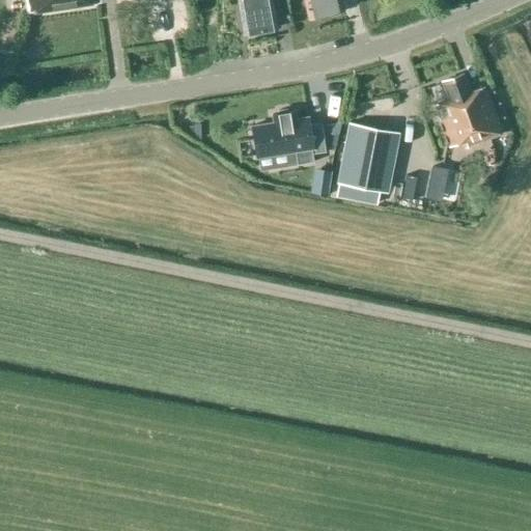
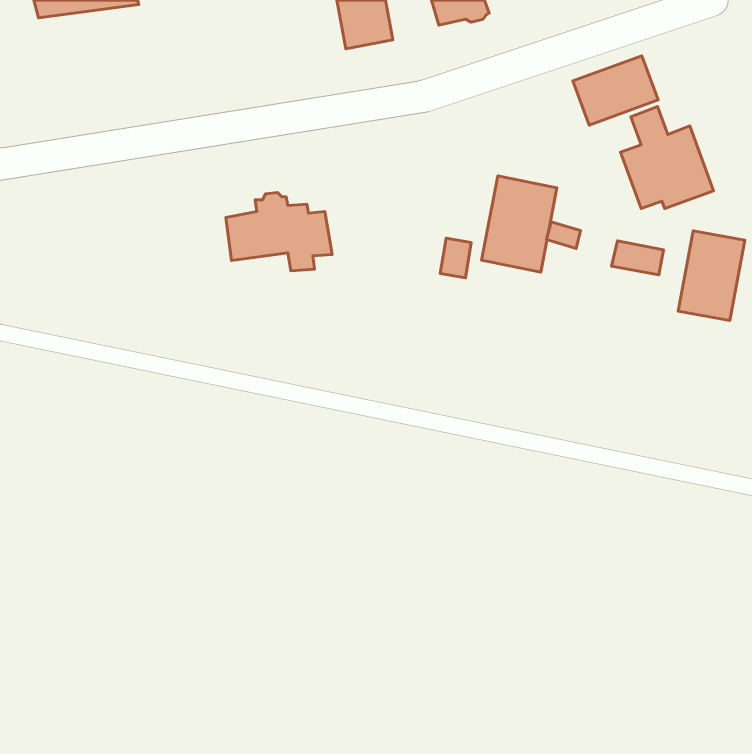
building: none -> [573,56,658,125]
building: [252,109,327,164] -> [226,192,332,271]
building: none -> [678,231,745,320]

